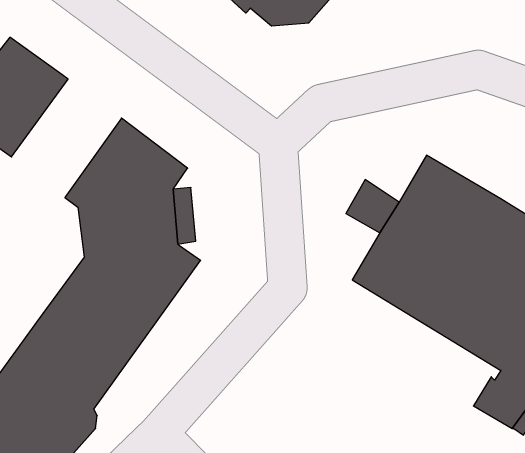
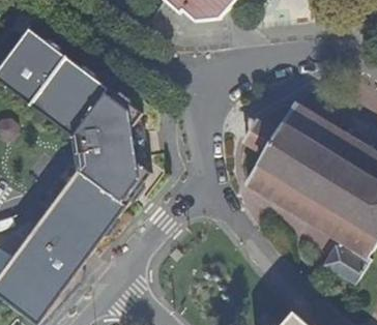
building: none -> [27,55,97,130]

